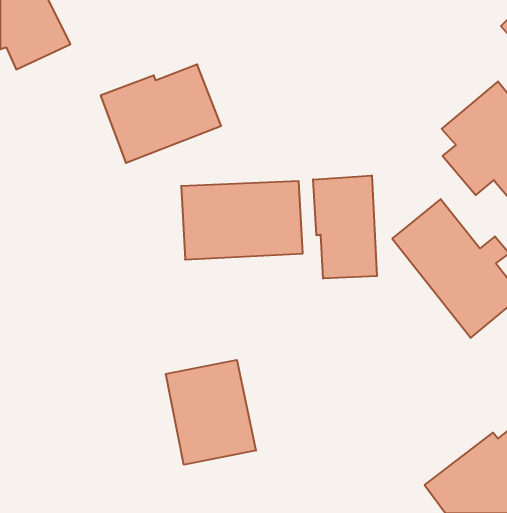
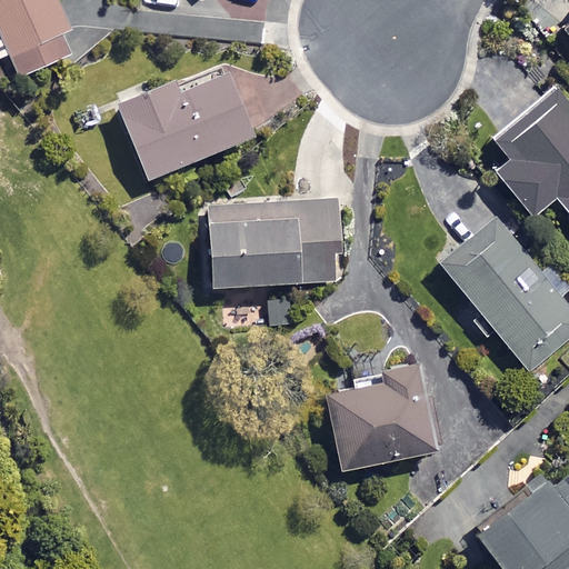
building: [313,175,377,279] -> none
building: none -> [326,363,442,470]
building: [166,360,256,465] -> none

